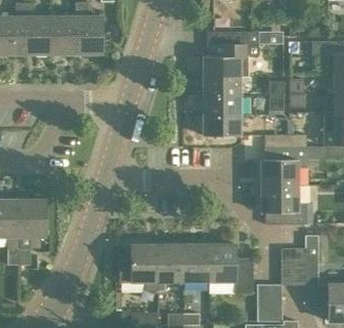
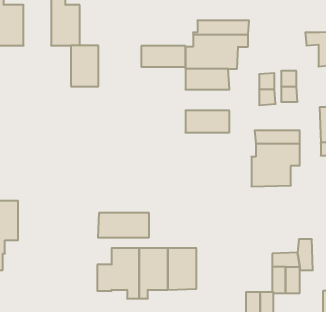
building: [50,16,76,54] -> [71,46,98,86]
building: [201,95,242,115] -> [141,46,185,67]
building: [262,184,308,223] -> none
building: none -> [98,213,149,238]
building: [211,243,255,292] -> none

